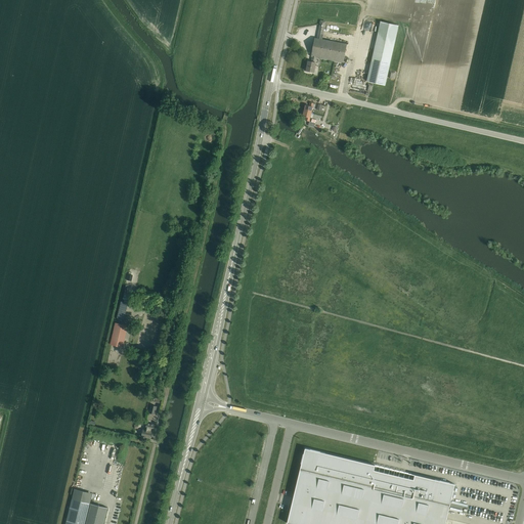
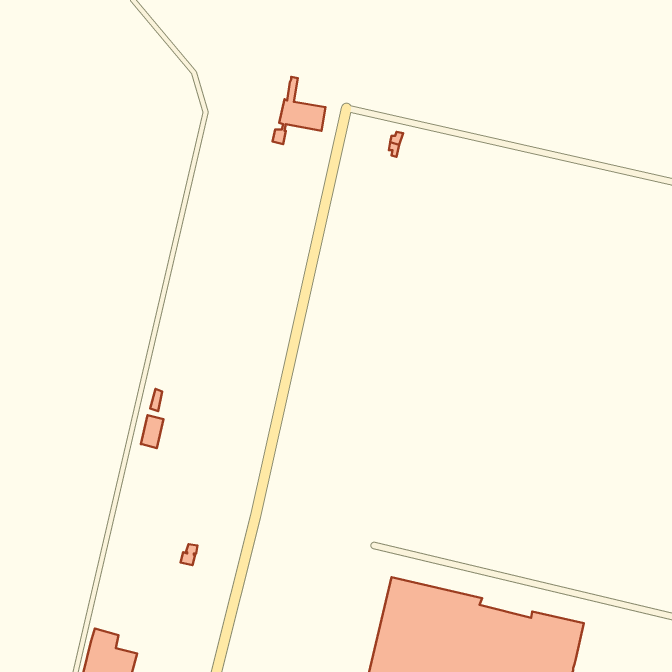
building: [305,21,346,74] -> [273,77,325,144]
building: [366,23,397,87] -> none

